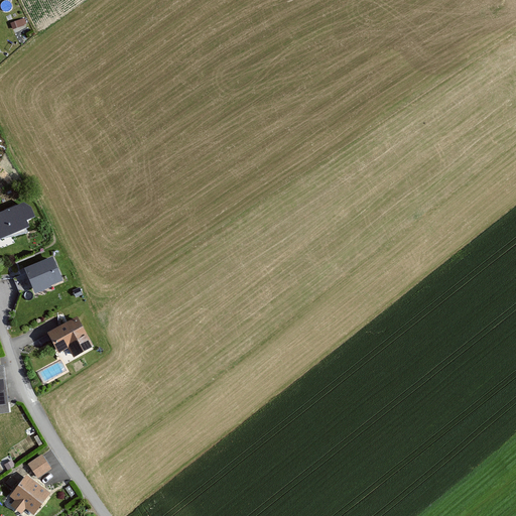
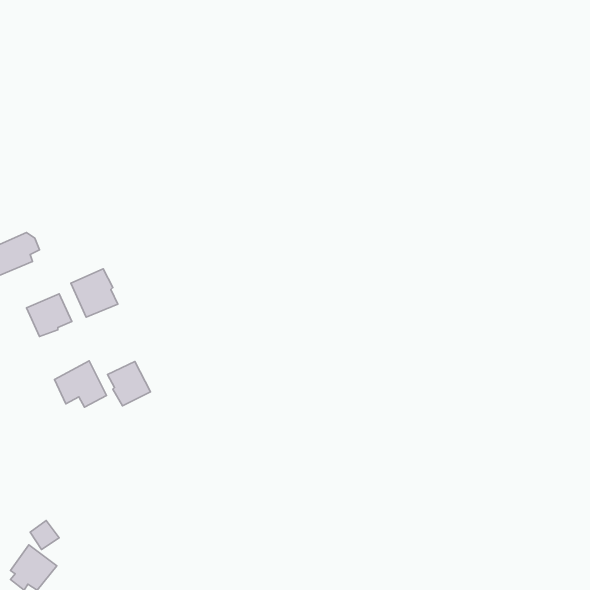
building: none -> [71,269,118,317]
building: none -> [108,361,150,406]

